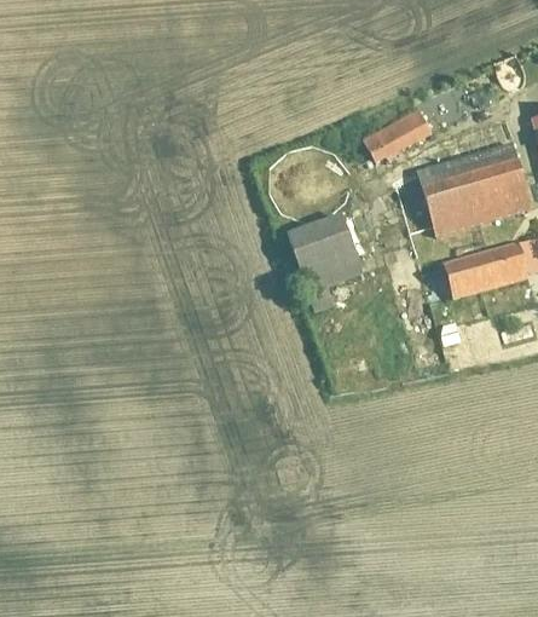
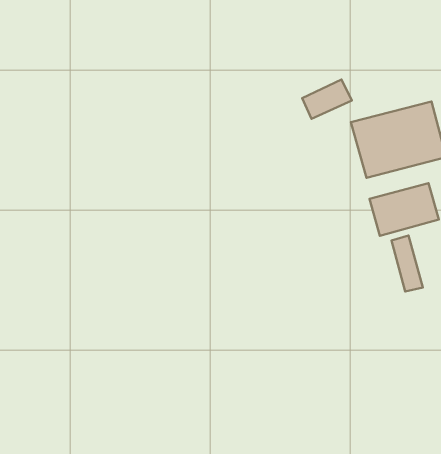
building: [288,218,360,293] -> none
building: none -> [391,236,423,292]

